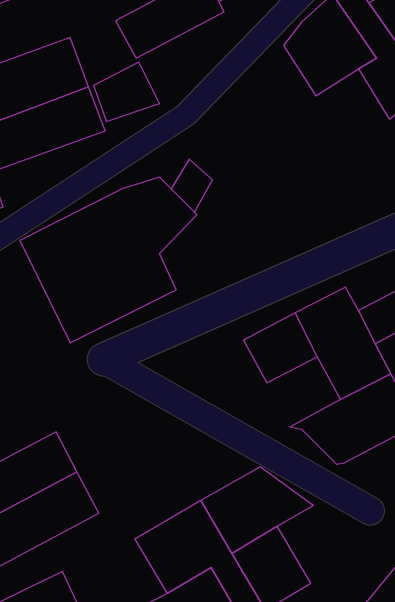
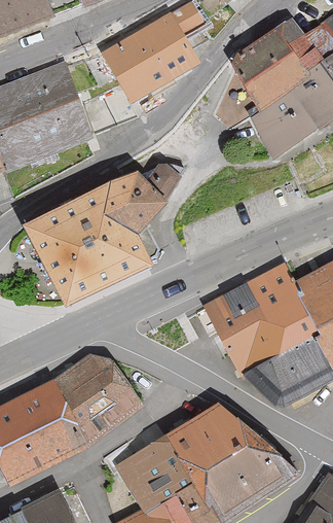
building: none -> [117,43,198,102]
building: none -> [251,89,317,158]
building: none -> [221,318,280,374]
building: none -> [53,355,142,443]
building: none -> [229,437,300,498]

